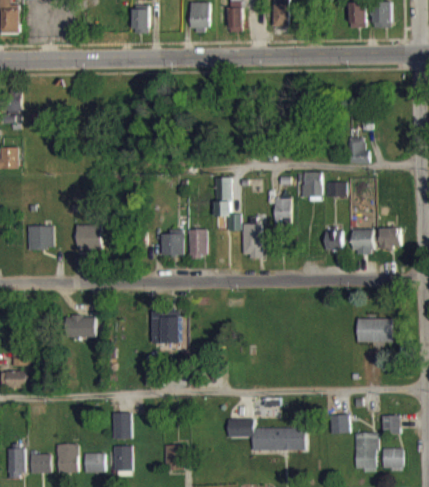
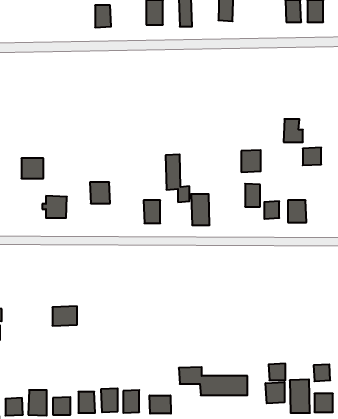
building: [273,198,290,224] -> [245,184,260,207]
building: [29,226,54,249] -> [21,158,43,178]
building: [379,228,400,248] -> [303,148,321,165]
building: [161,231,184,255] -> [90,182,110,203]
building: [152,311,181,343] -> none
building: [66,315,94,337] -> [52,306,77,326]
building: [357,318,393,342] -> none
building: [113,412,132,439] -> [101,388,118,412]
building: none -> [266,382,284,403]
building: none -> [150,395,171,414]

